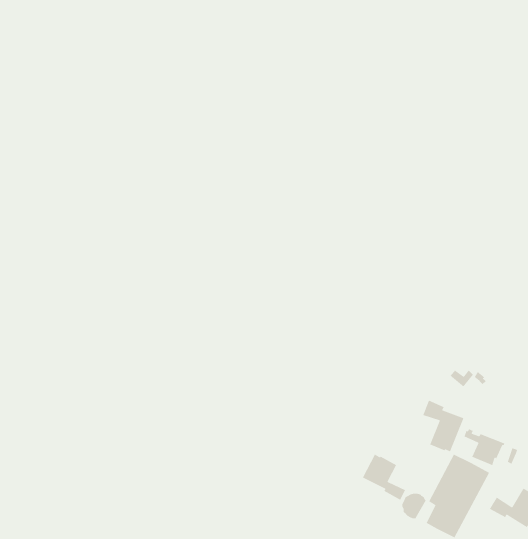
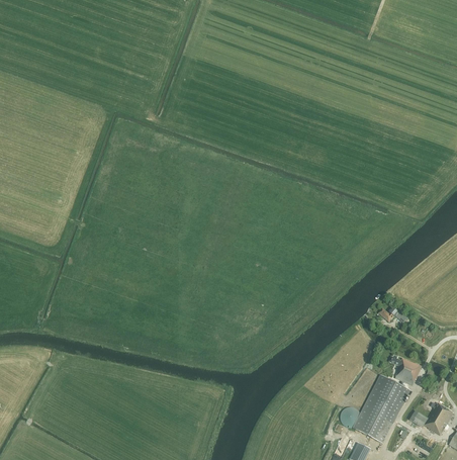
building: [422,399,465,453] -> none
building: [362,453,406,501] -> none

